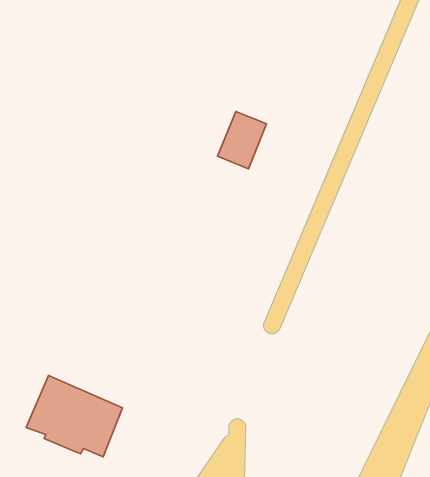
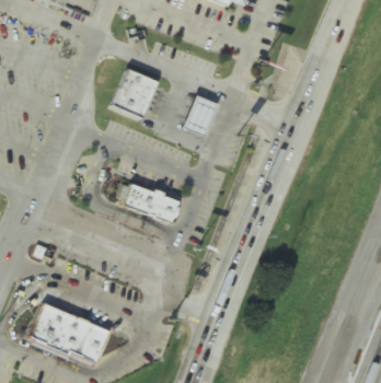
building: none -> [113,69,159,119]
building: none -> [123,182,180,222]

